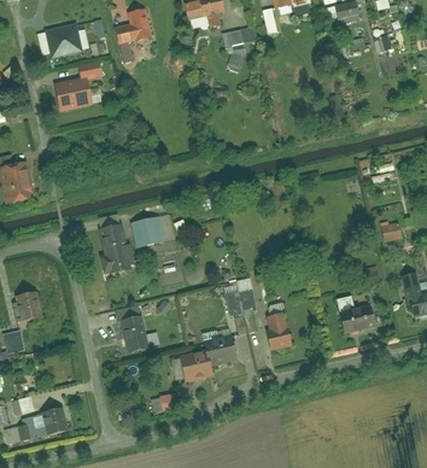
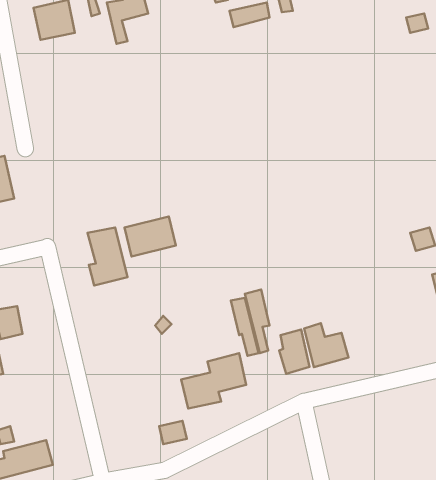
building: [54,60,101,112] -> none
building: [337,296,375,334] -> [304,323,348,367]
building: [115,308,159,353] -> none

